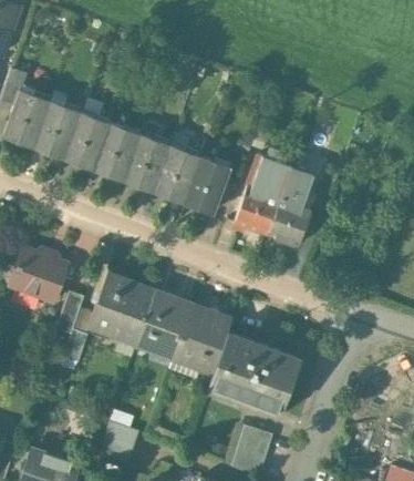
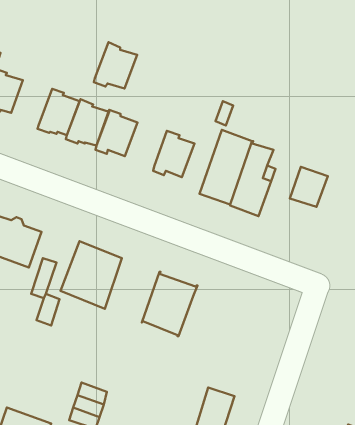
building: [34,102,79,152] -> none
building: [155,146,200,195] -> [94,42,137,89]
building: none -> [290,167,328,207]
building: [135,291,193,359] -> none
building: [206,331,300,413] -> none

